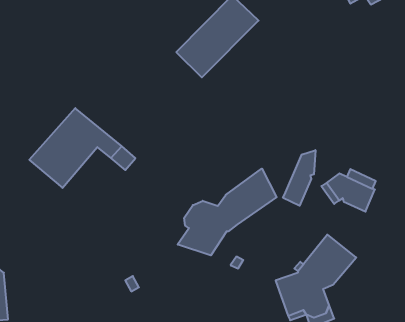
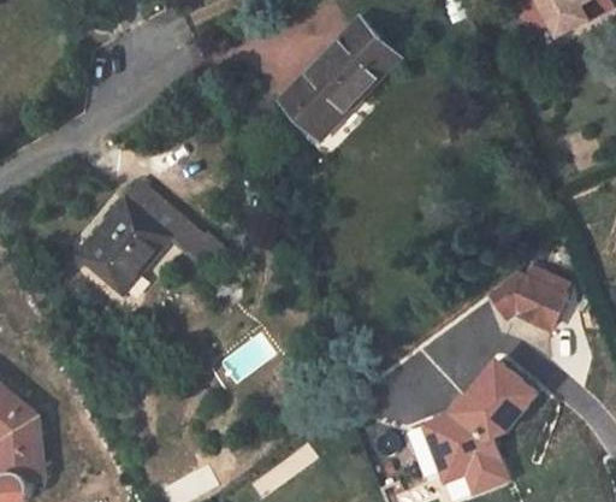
building: [283,150,315,206] -> none
building: [178,169,277,255] -> none

